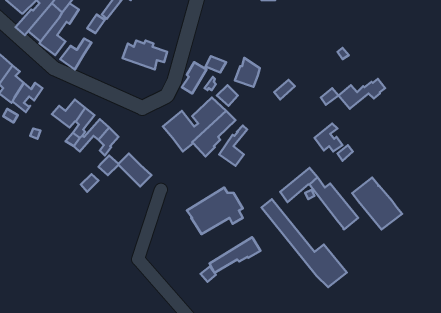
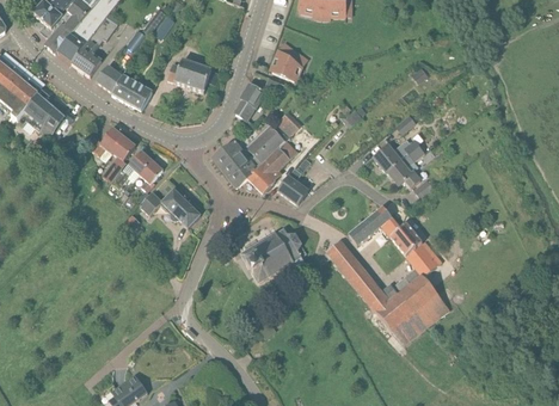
building: none -> [112,74,153,110]
building: [235,58,260,87] -> [270,44,299,78]
building: [338,79,385,109] -> [374,137,428,172]
building: [352,178,402,229] -> [392,266,449,326]
building: [210,237,261,273] -> none

